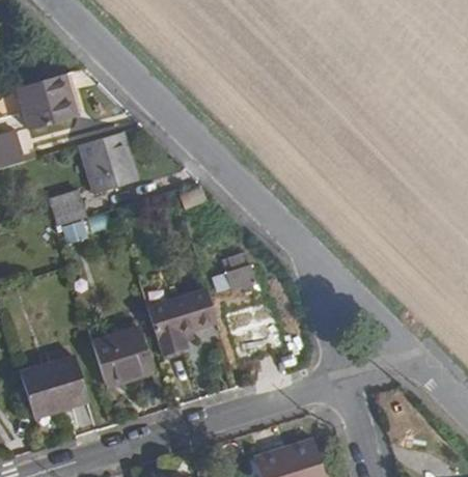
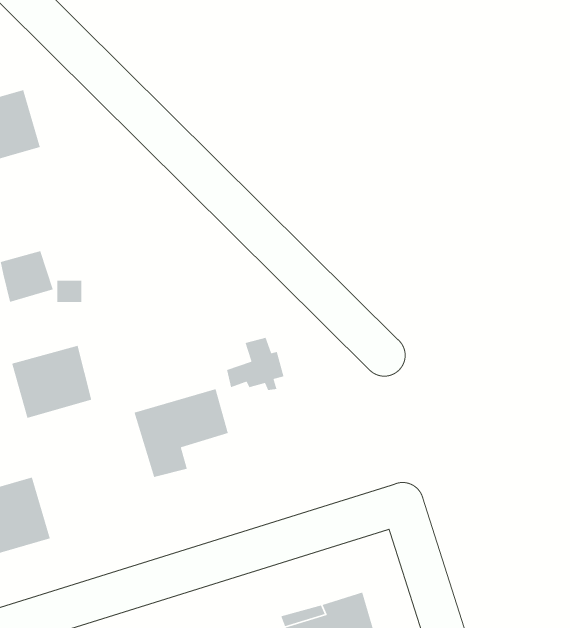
building: [80,131,139,193] -> none
building: [91,330,150,384] -> [11,345,92,419]

